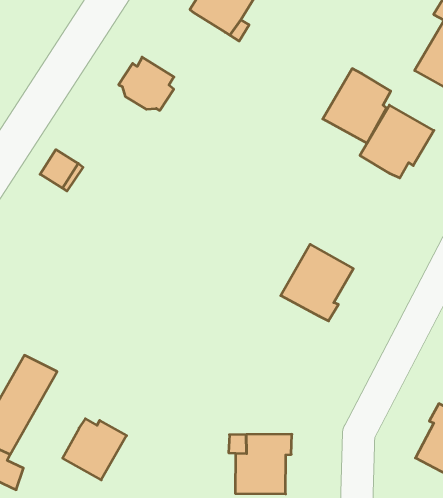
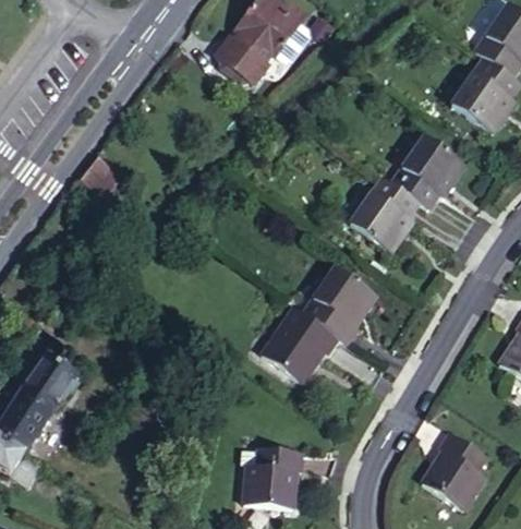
building: [119,57,174,110] -> [215,31,269,84]
building: [323,69,391,143] -> [350,178,419,252]
building: none -> [262,306,339,383]
building: [63,419,127,480] -> none

